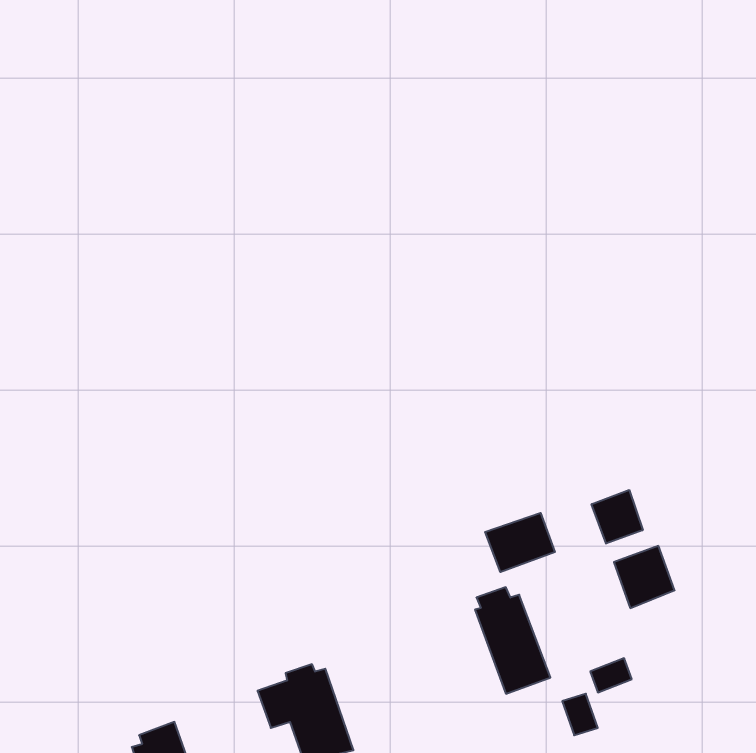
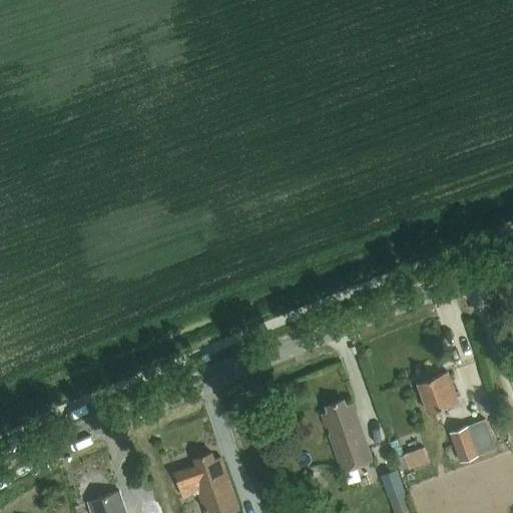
building: [592,490,643,544] -> none
building: [485,513,555,572] -> none
building: none -> [450,420,496,463]

